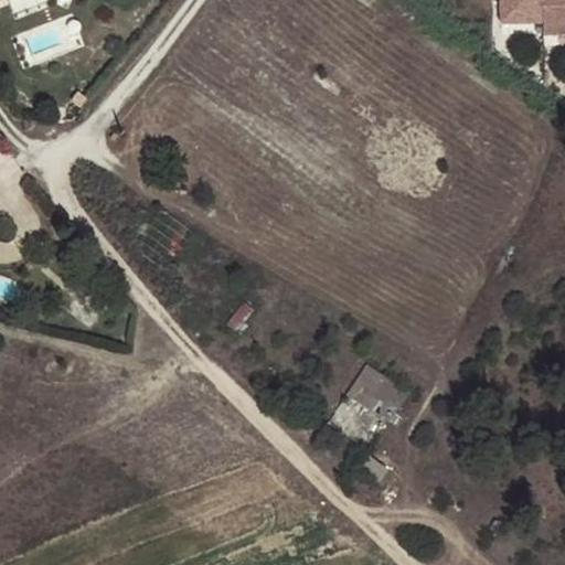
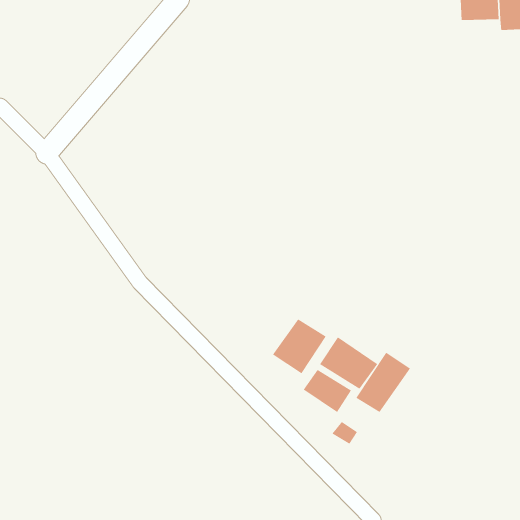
building: none -> [272,318,326,374]
building: none -> [356,352,411,413]

